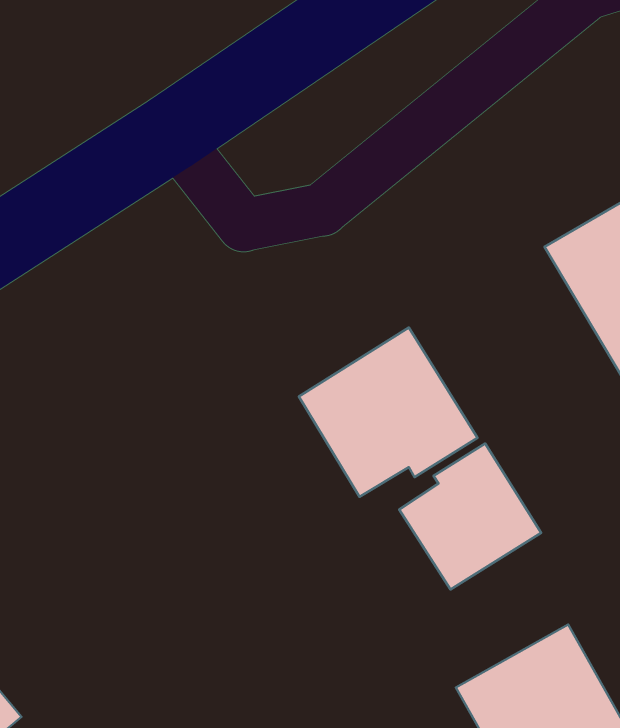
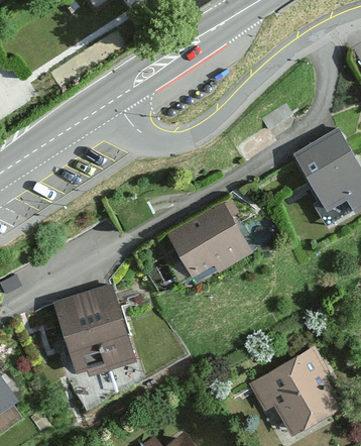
building: [399,443,541,590] -> none
building: none -> [54,288,136,379]

